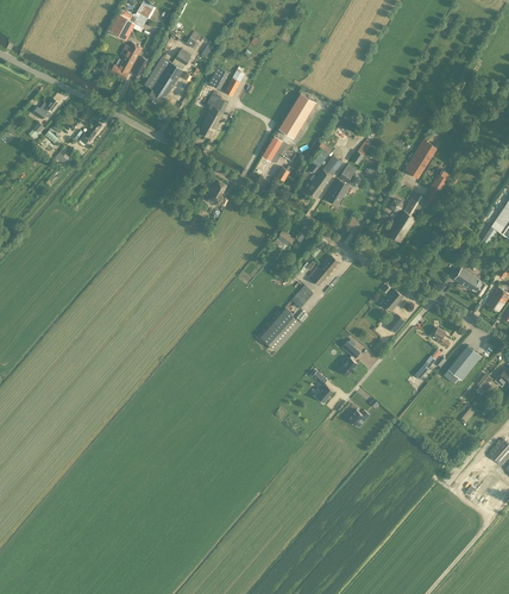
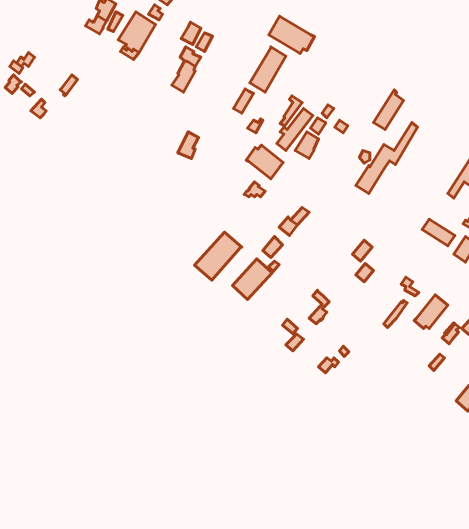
building: none -> [269,16,315,53]
building: none -> [246,145,283,179]
building: none -> [194,232,242,280]

